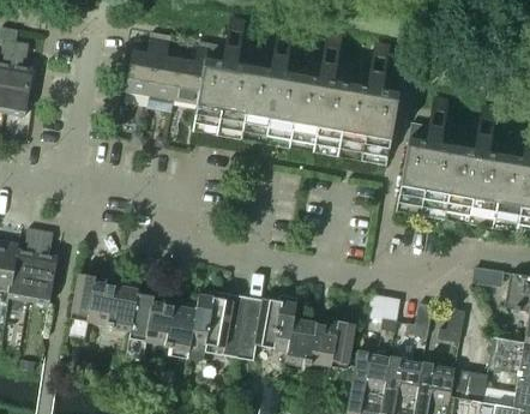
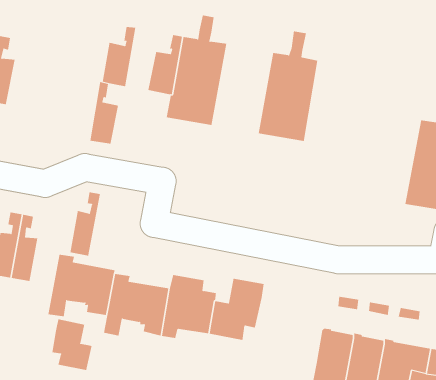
building: [241,28,305,144] -> none
building: [150,32,181,98] -> [89,82,119,144]
building: [338,44,402,162] -> none
building: [396,98,460,218] -> none
building: none -> [70,192,100,256]
building: [284,317,356,386] -> none
building: none -> [52,319,92,371]

